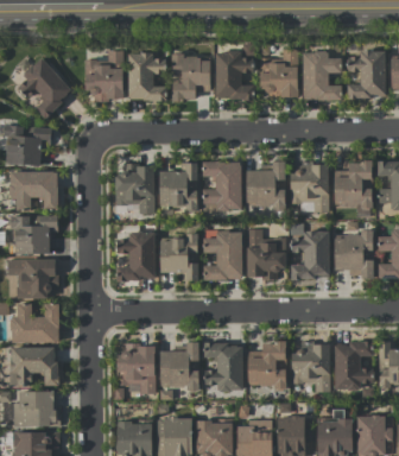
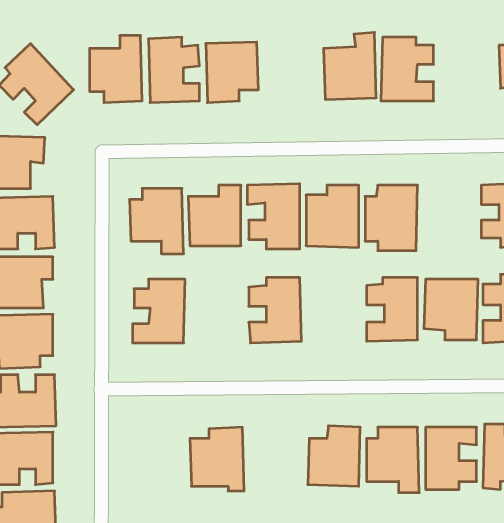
building: [215,44,254,100] -> none
building: [347,51,386,99] -> none
building: [334,162,372,214] -> none
building: [246,229,286,279] -> none
building: [159,234,198,281] -> none
building: [203,343,242,391] -> none
building: [118,344,156,393] -> none

